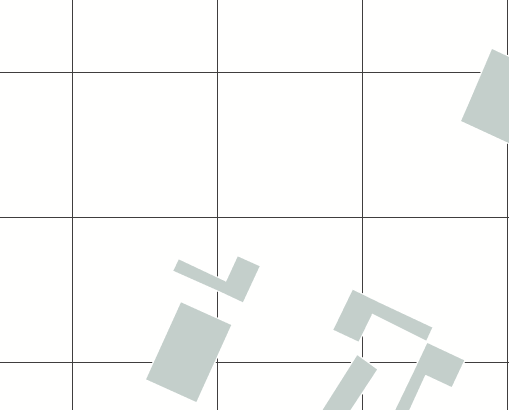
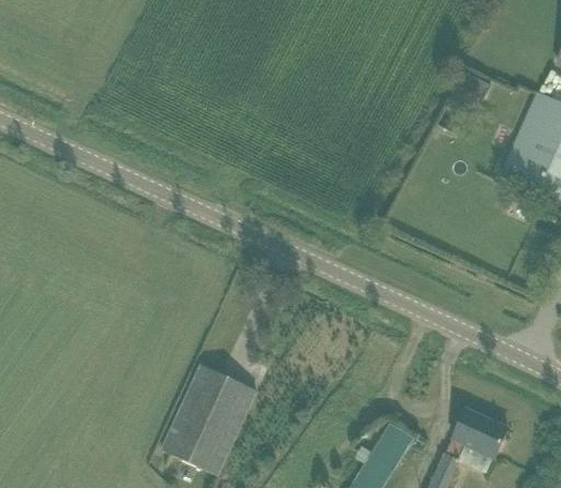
building: [173,256,260,303] -> none
building: [333,289,433,342] -> none

